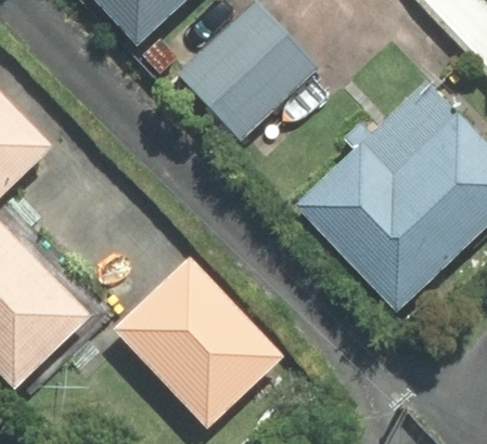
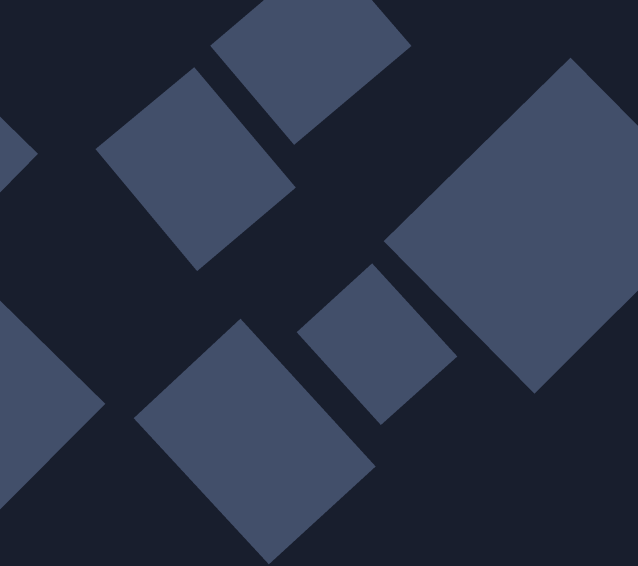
building: none -> [95,66,297,272]
building: none -> [296,263,458,426]

